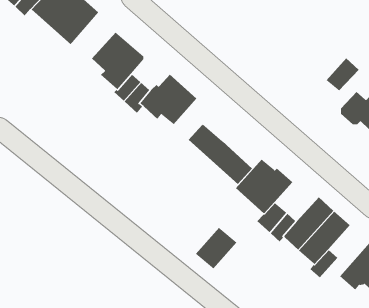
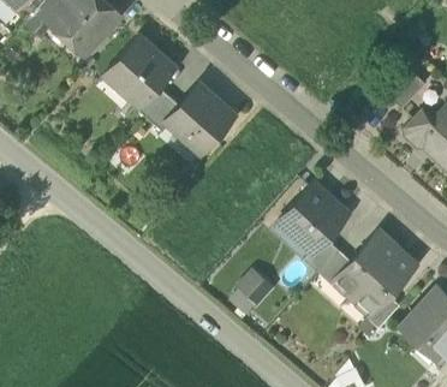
building: [188,123,253,185] -> none

